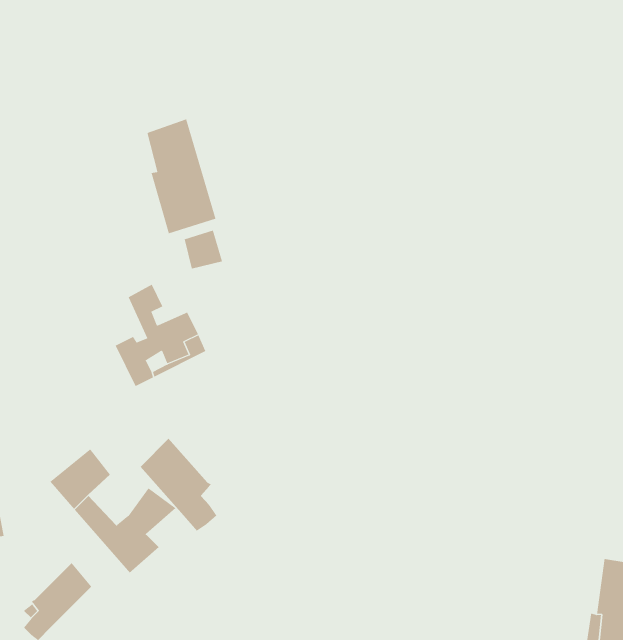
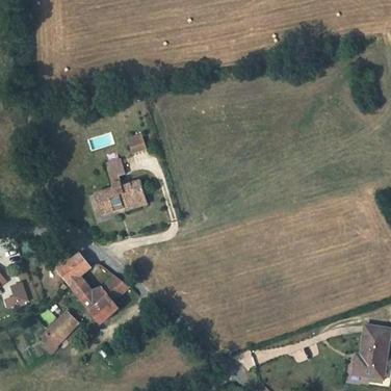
building: [147,118,216,234] -> none
building: [140,438,217,532] -> none

